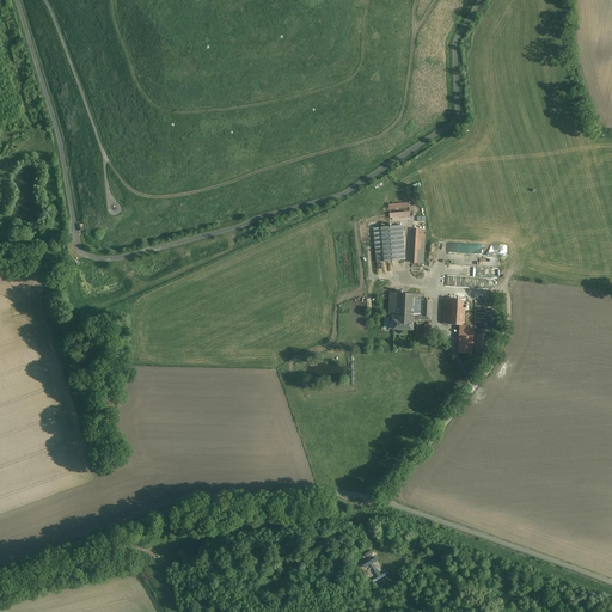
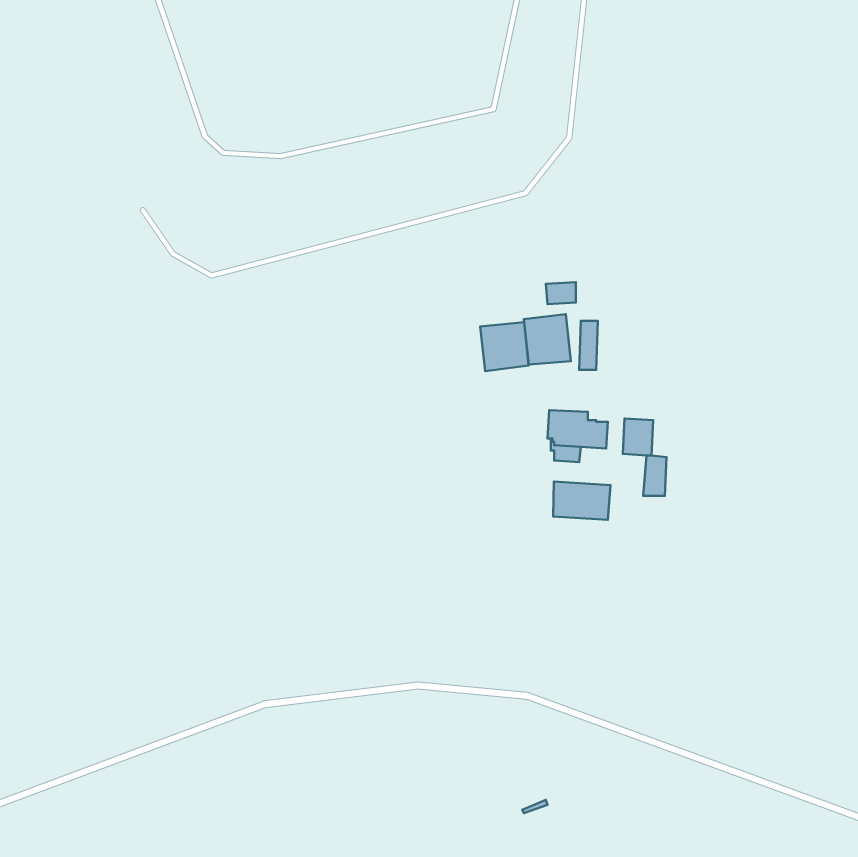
building: none -> [480,322,529,371]
building: none -> [553,482,610,520]

